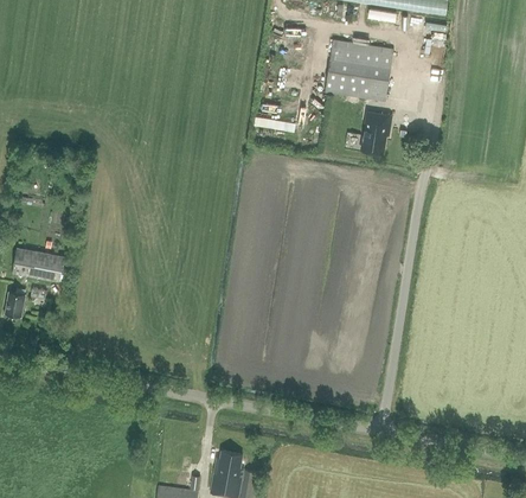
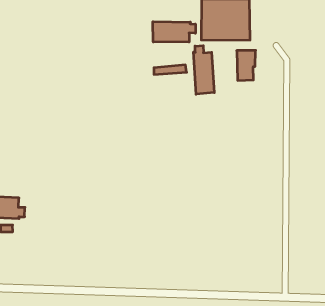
building: none -> [153,22,195,42]
building: none -> [194,46,214,94]

